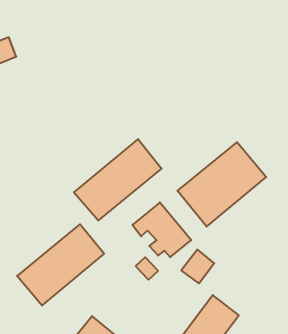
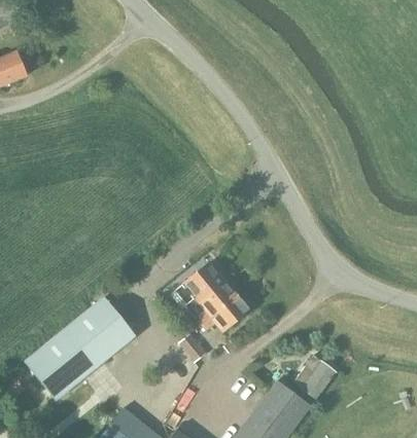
building: [74,139,162,221] -> none
building: [177,142,266,227] -> none
building: [181,250,214,283] -> [292,356,335,399]

